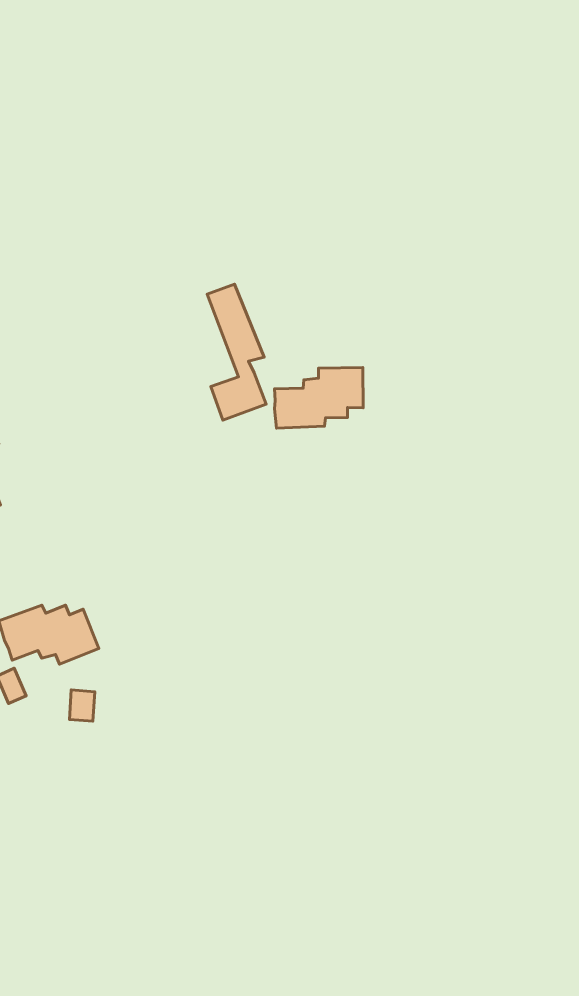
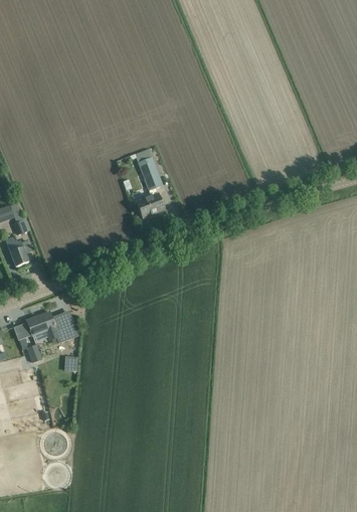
building: [274,367,363,428] -> none

